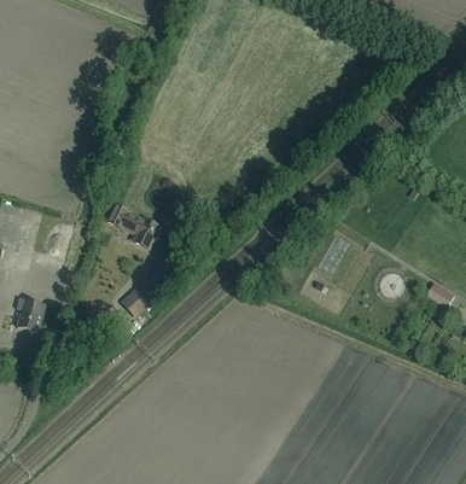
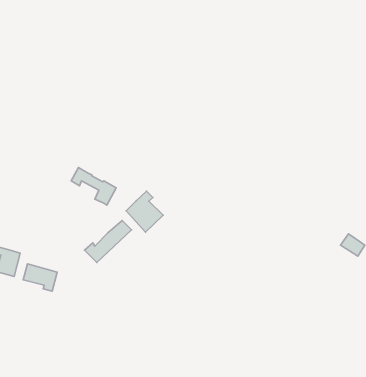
building: none -> [126,191,163,232]
building: none -> [23,264,57,291]

